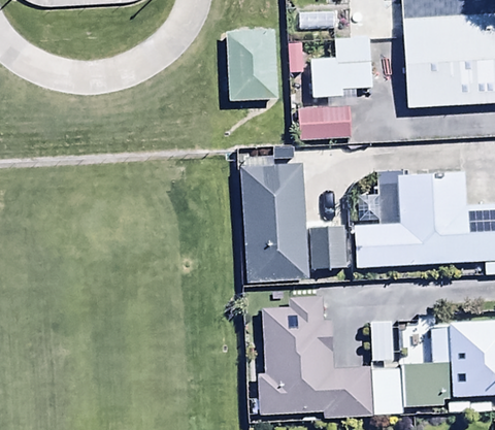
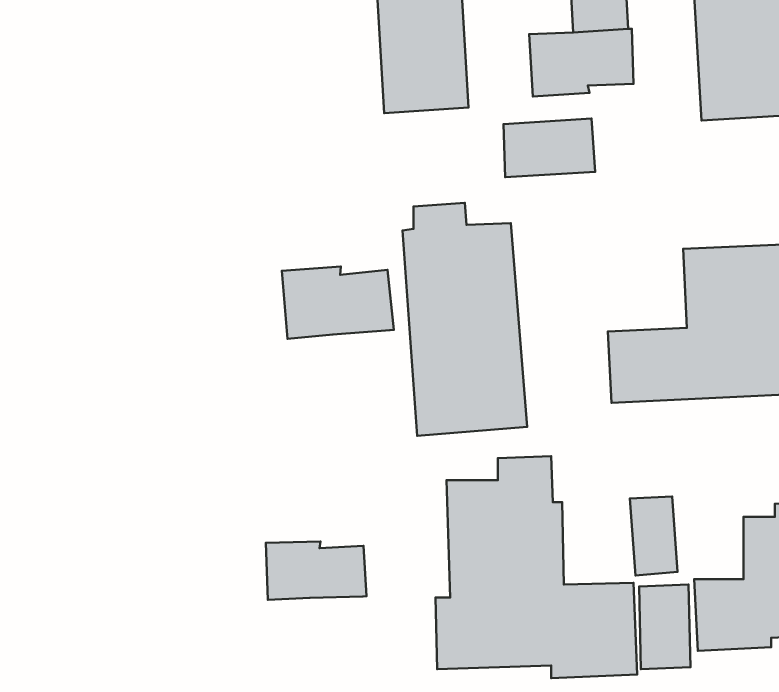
building: none -> [282,267,394,339]
building: [309,223,346,270] -> none
building: none -> [266,541,366,600]

